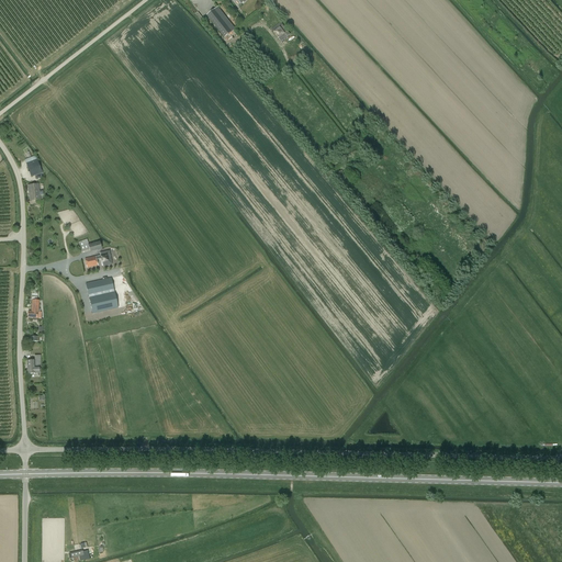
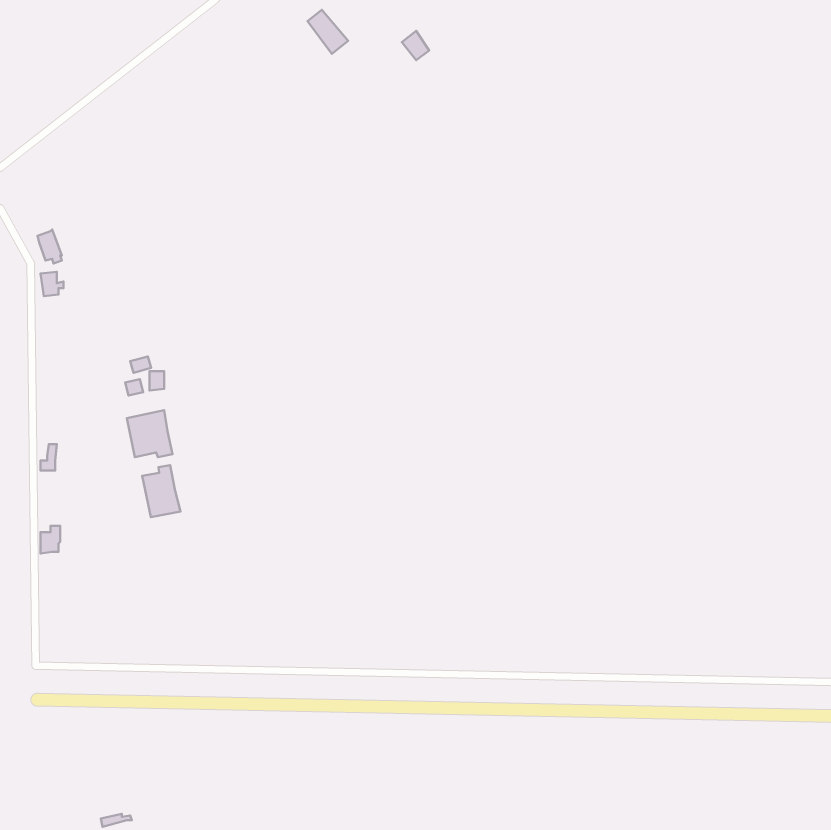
building: none -> [142,465,180,517]

